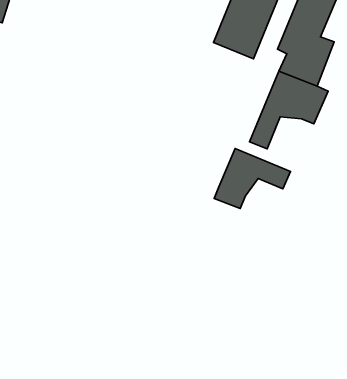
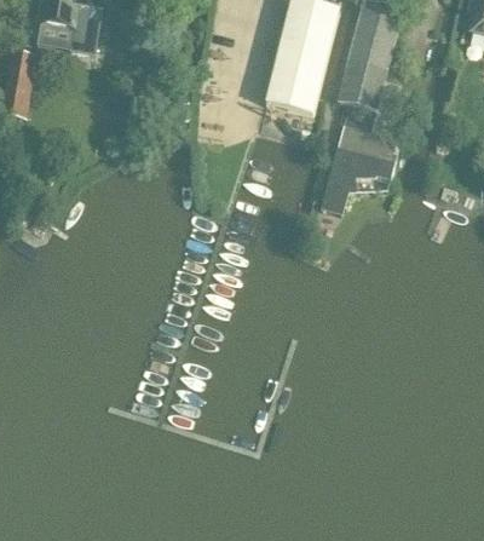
building: [214,148,290,208] -> none

